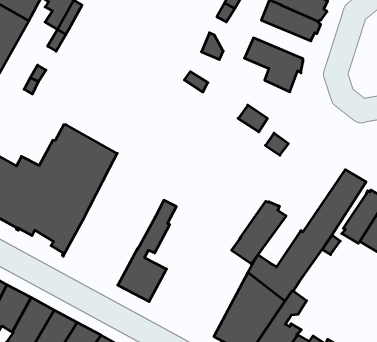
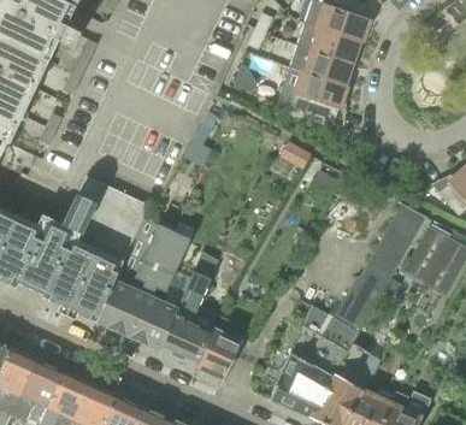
building: none -> [289,46,353,85]
building: none -> [95,220,194,350]
building: [232,201,286,264] -> none
building: none -> [194,317,247,380]

